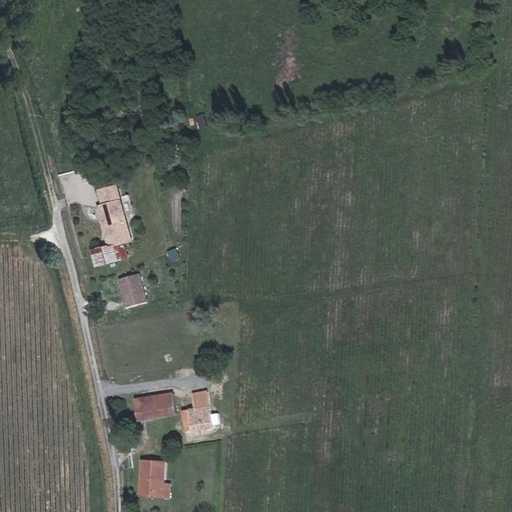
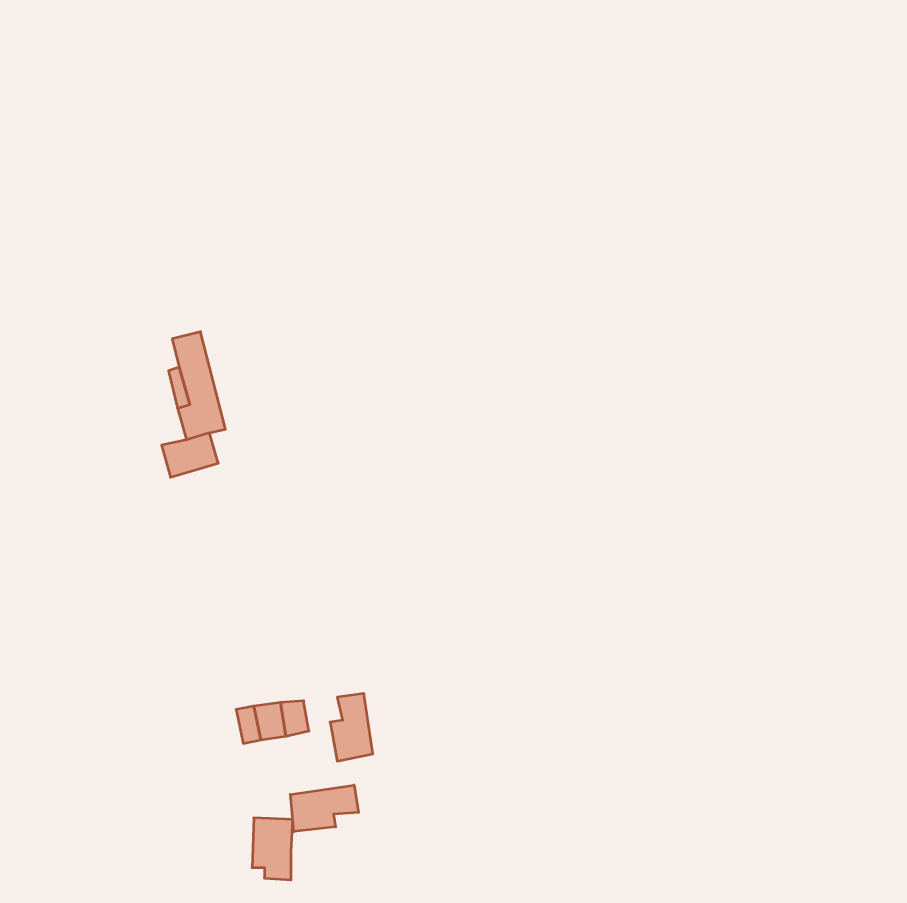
building: [121,271,150,305] -> none
building: none -> [290,785,359,832]

